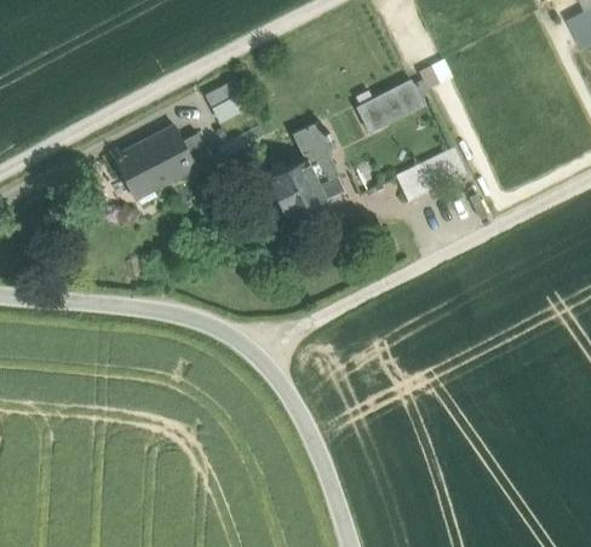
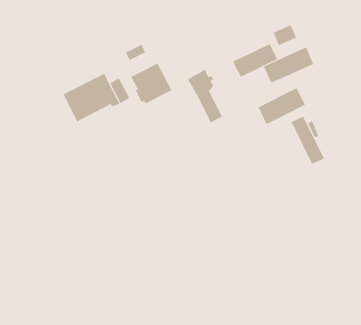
building: none -> [263,47,314,83]
building: [266,159,327,219] -> [131,63,172,104]
building: none -> [291,116,325,164]

